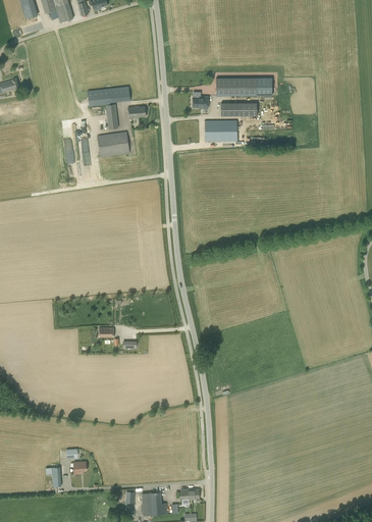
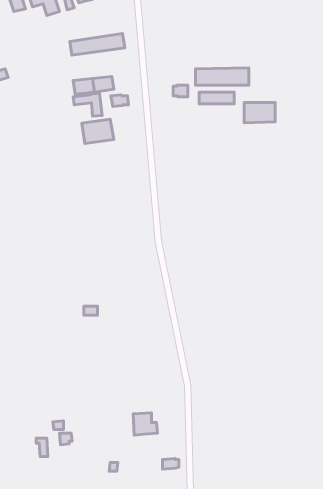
building: none -> [70,33,125,55]
building: [205,120,237,142] -> [244,103,275,123]
building: [142,492,167,516] -> [133,413,157,435]

